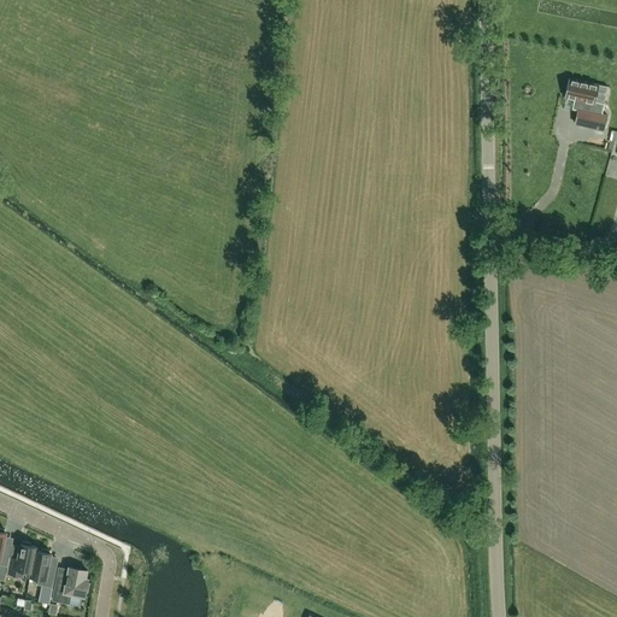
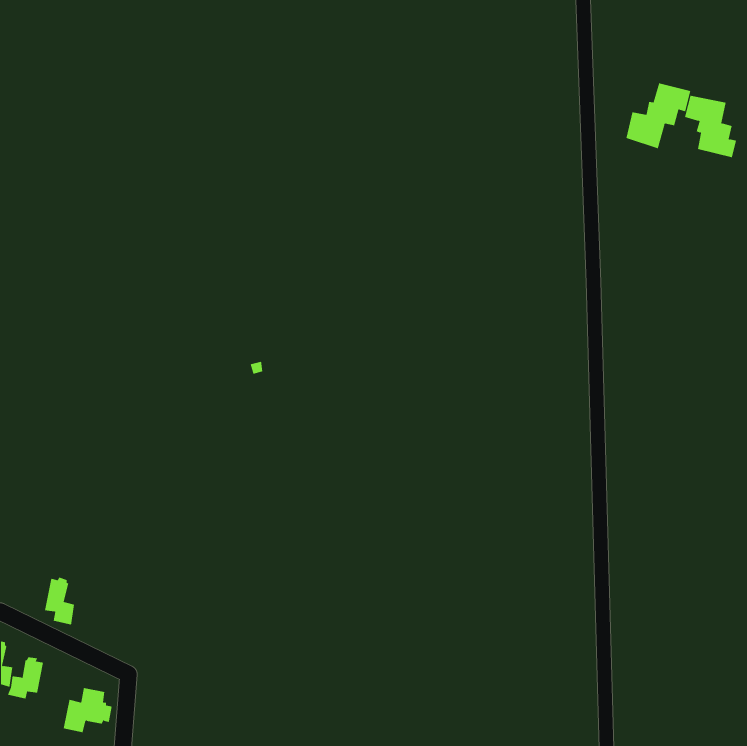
building: none -> [626,83,691,149]
building: [30,547,55,589] -> [44,574,75,625]

